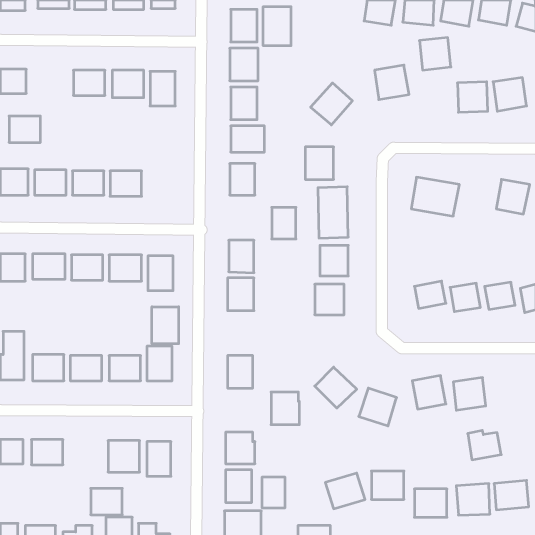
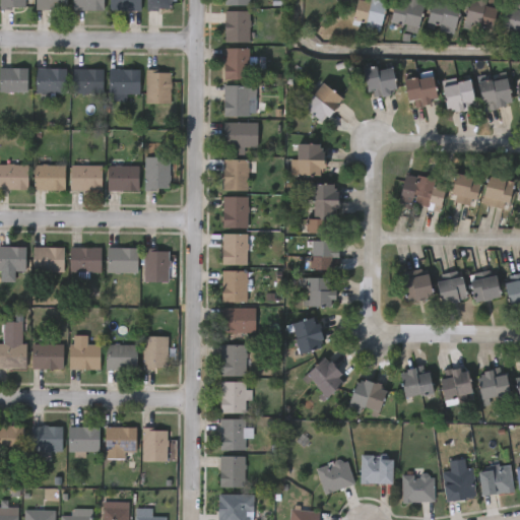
building: [263,7,291,46] -> none
building: [419,38,451,70] -> [405,74,436,106]
building: [9,116,40,142] -> [36,68,66,93]
building: none -> [145,157,171,190]
building: none -> [449,172,480,205]
building: [272,207,296,239] -> [223,197,247,228]
building: [152,307,179,344] -> none
building: none -> [222,308,255,332]
building: none -> [288,315,325,354]
building: [271,392,299,425] -> [219,382,247,413]
building: [468,430,501,460] -> [477,370,510,398]
building: [262,477,285,508] -> none
building: [91,488,122,515] -> [68,427,99,452]

